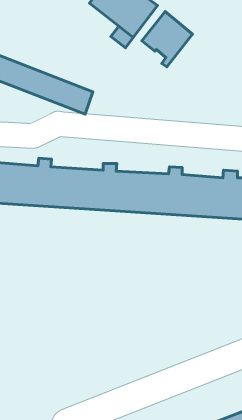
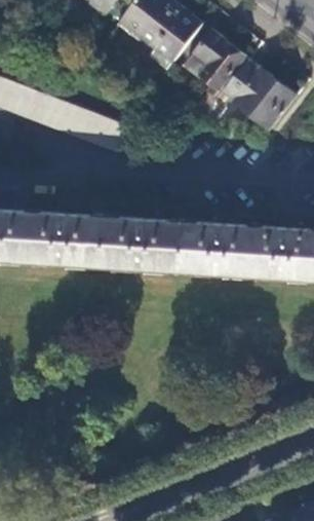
building: none -> [224,60,298,131]

